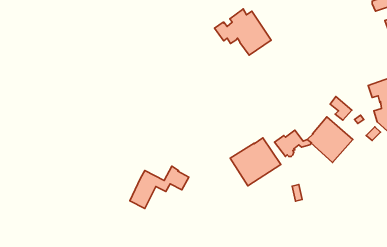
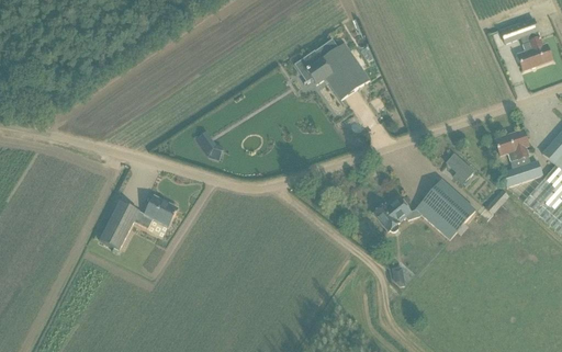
building: [230,138,281,186] -> none
building: [130,166,189,208] -> [100,194,177,249]

